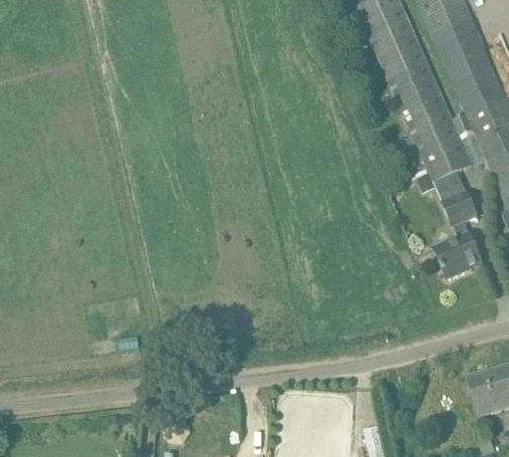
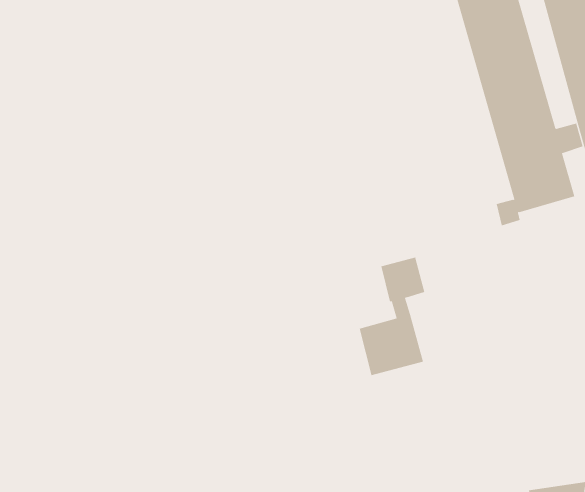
building: [433,190,482,278] -> [359,257,425,376]

